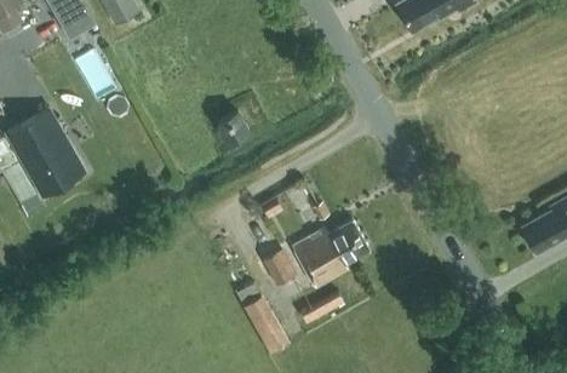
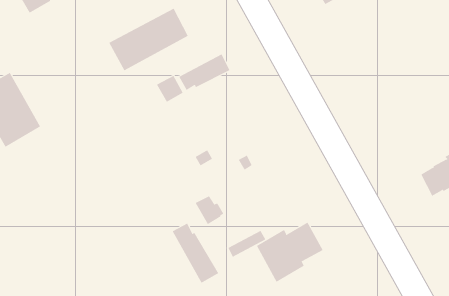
building: none -> [109,8,189,71]
building: none -> [179,54,230,91]
building: [292,218,370,288] -> [256,222,323,282]

